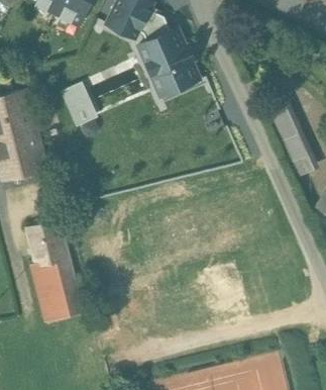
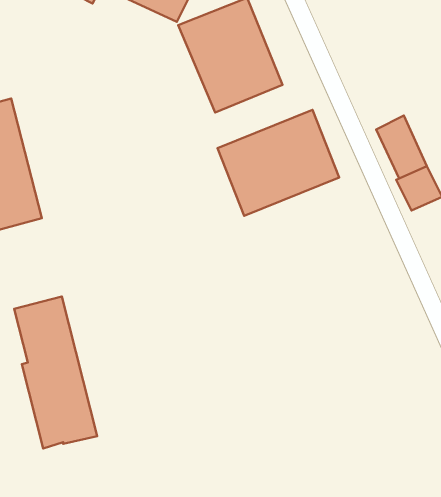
building: [63,81,99,126] -> none
building: none -> [218,110,339,216]

